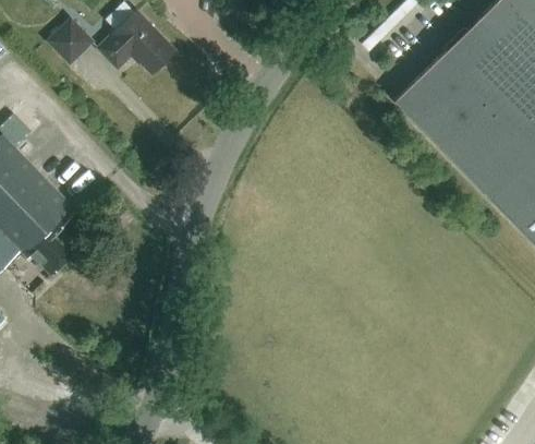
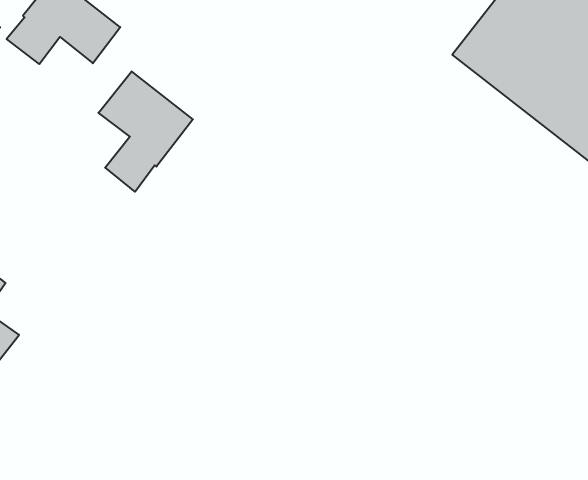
building: none -> [98,71,193,192]

